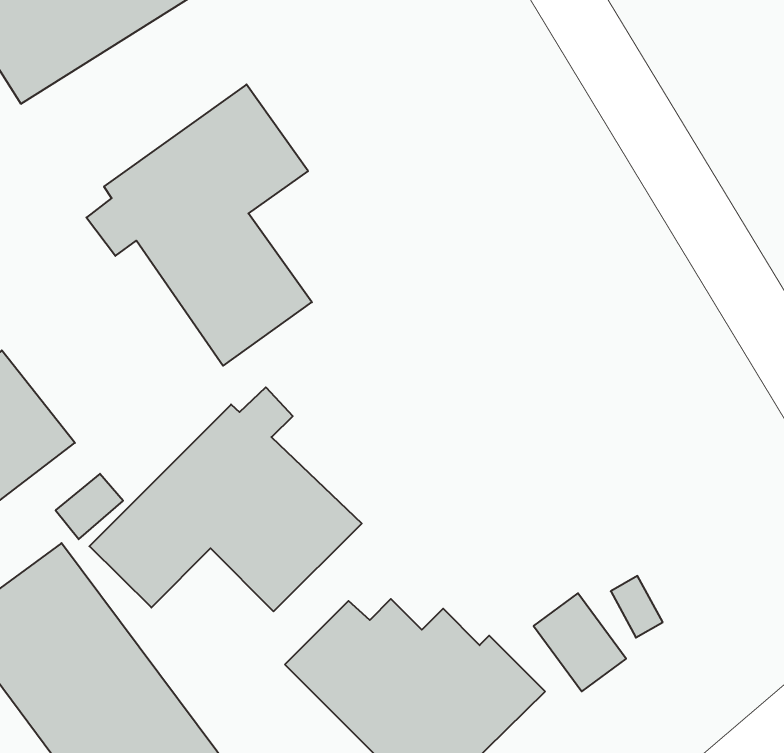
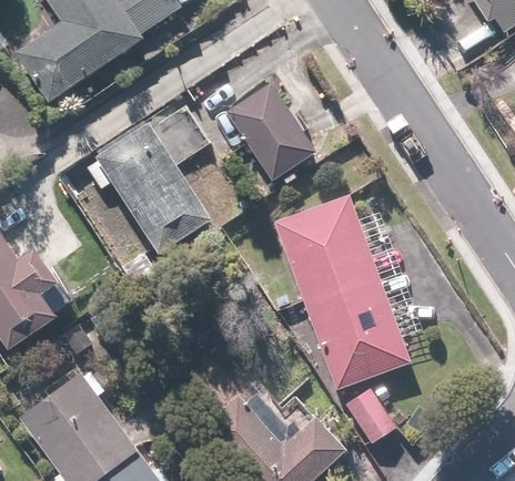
building: none -> [223,84,316,184]
building: none -> [270,192,412,389]
building: [89,387,362,611] -> none

